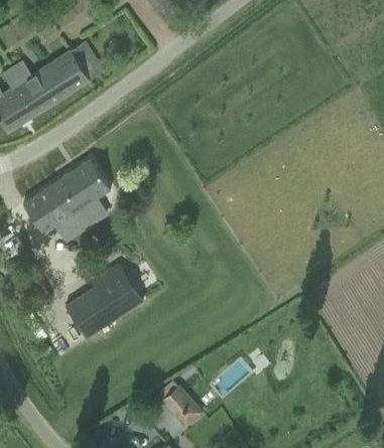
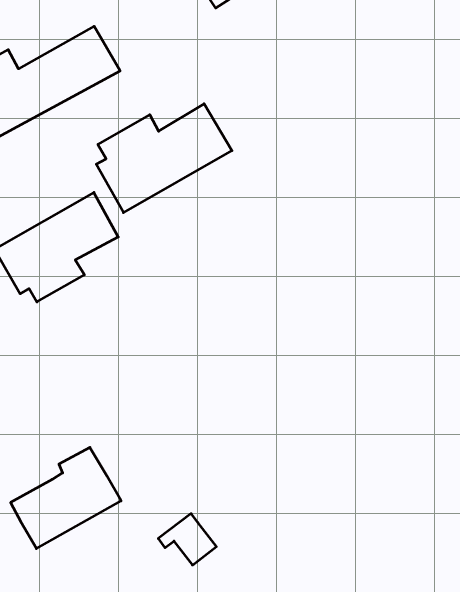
building: none -> [96,104,232,213]
building: [66,263,143,336] -> [11,447,121,549]

